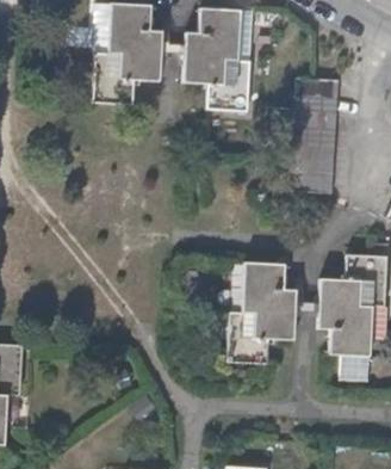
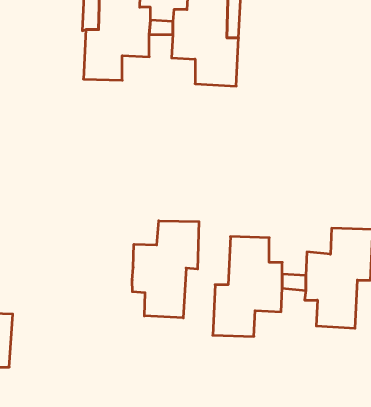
building: [292,78,339,192] -> none
building: none -> [132,221,199,318]

